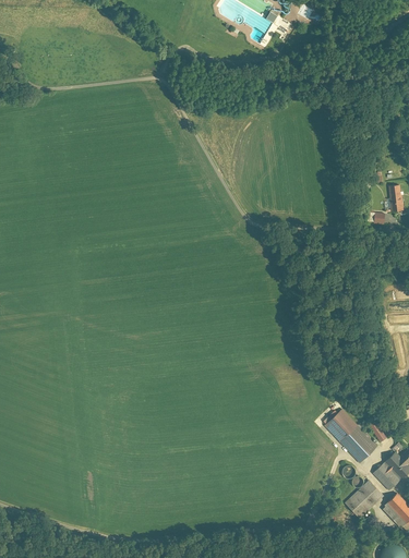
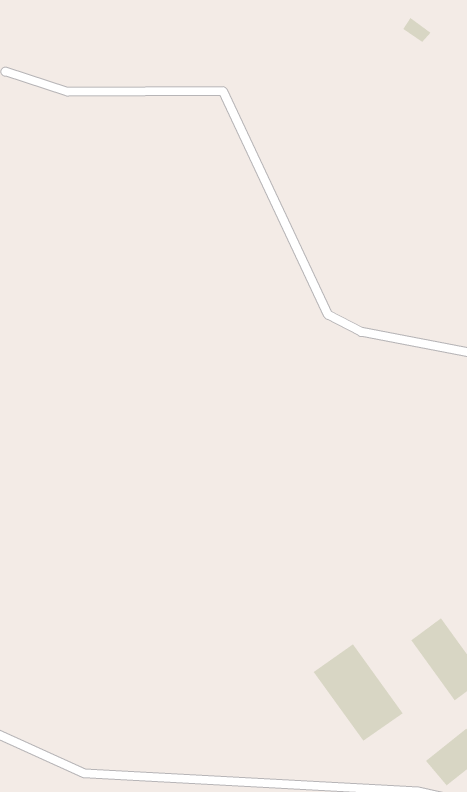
building: none -> [312,643,404,742]

